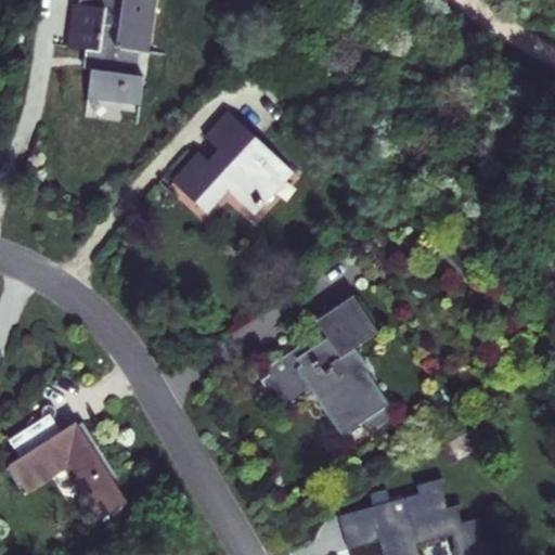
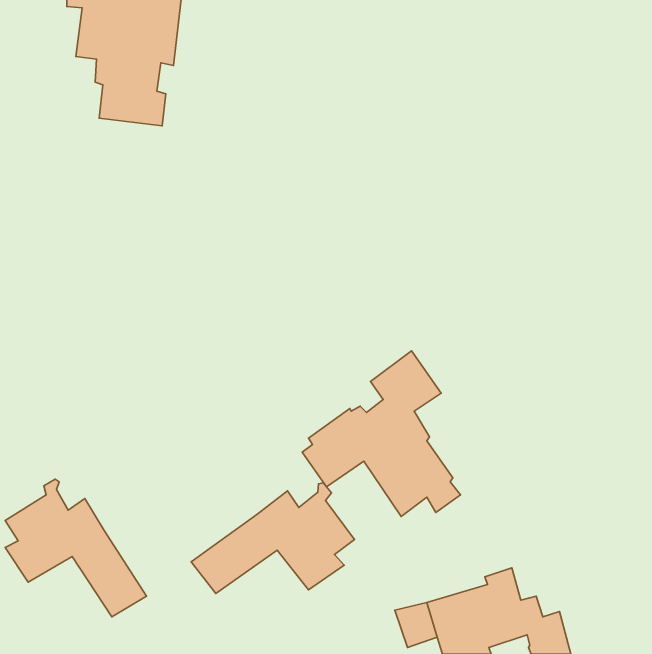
building: [173,113,295,215] -> none
building: none -> [191,483,355,593]

